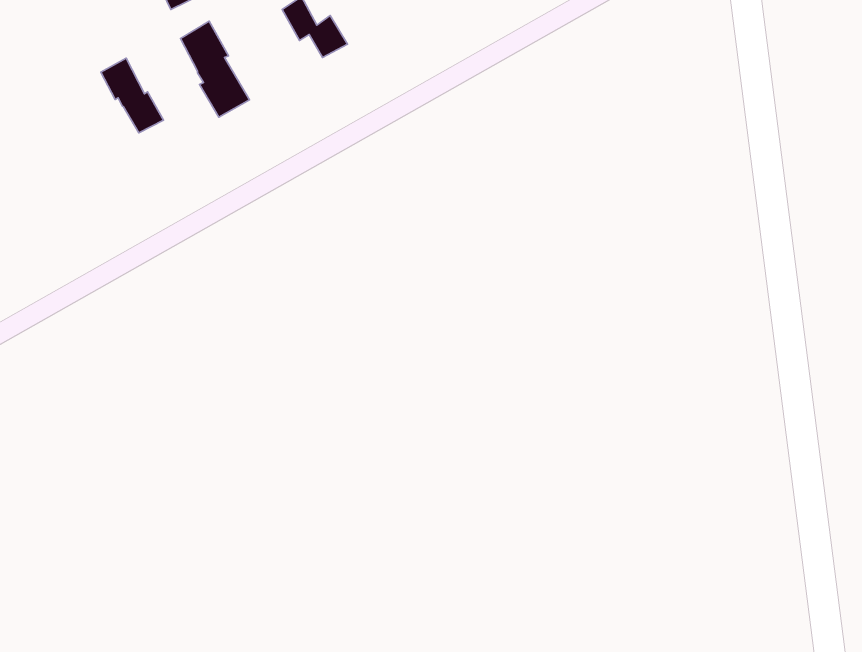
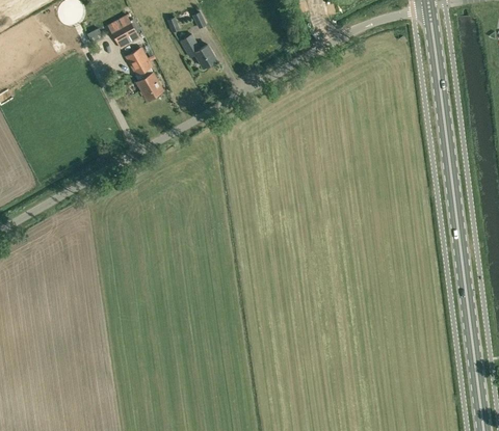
building: [101,58,163,133] -> none

